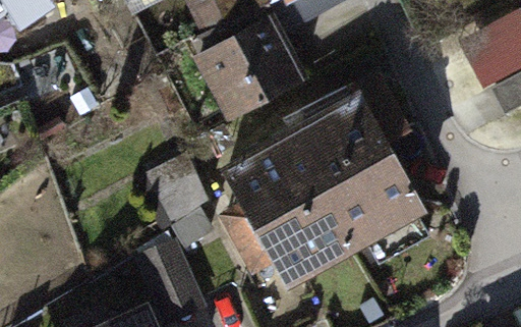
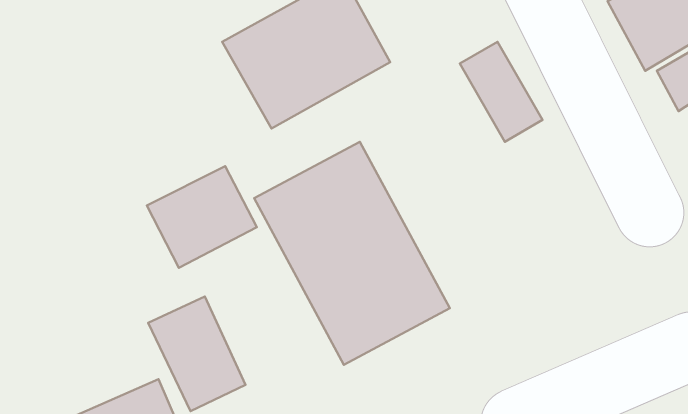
building: [289,94,426,251] -> none

